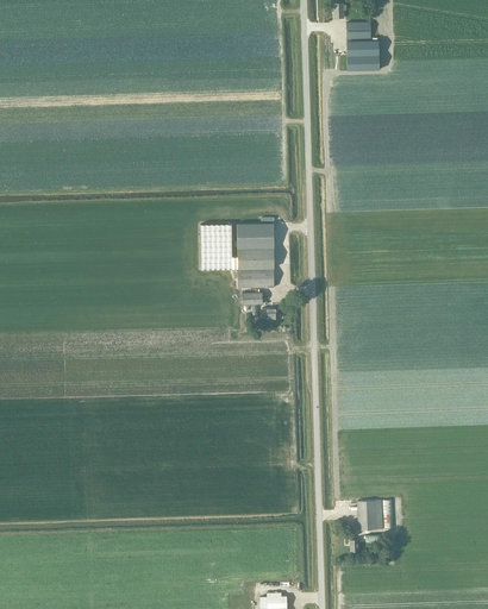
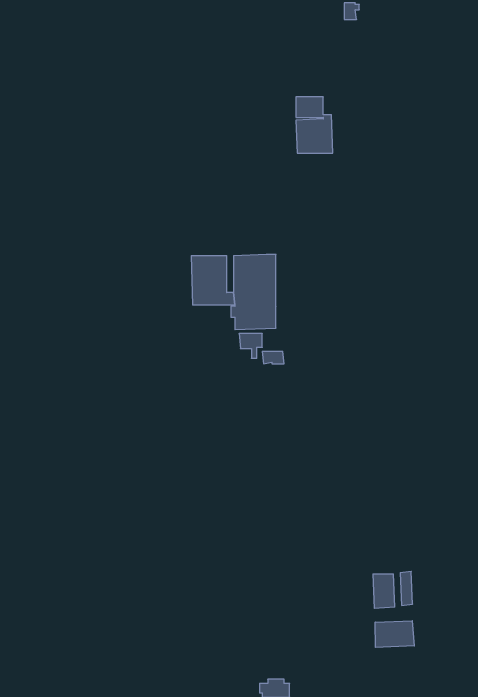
building: [346,21,378,70] -> [296,97,333,153]
building: none -> [375,621,414,647]

